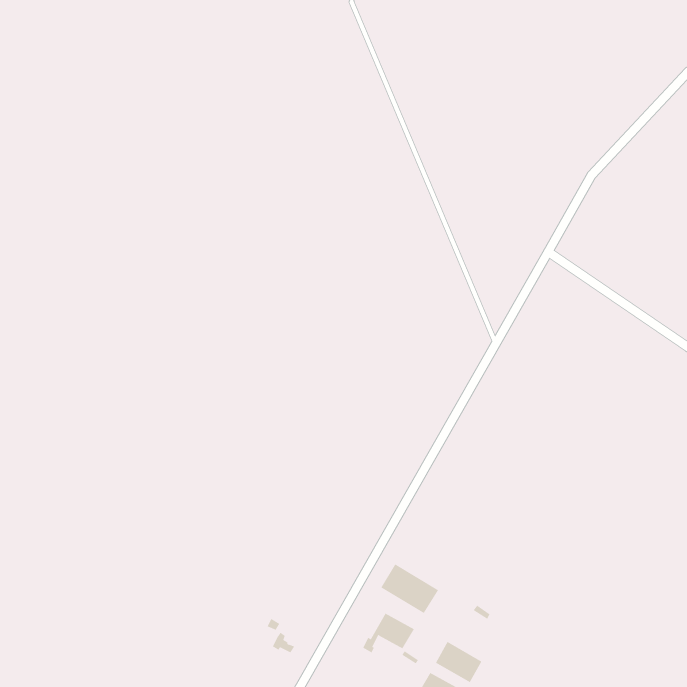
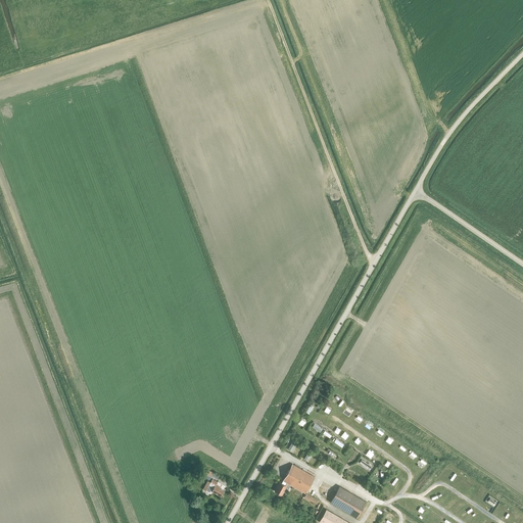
building: [380,564,439,614] -> none

